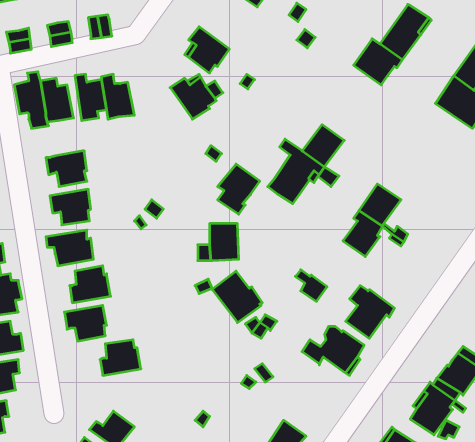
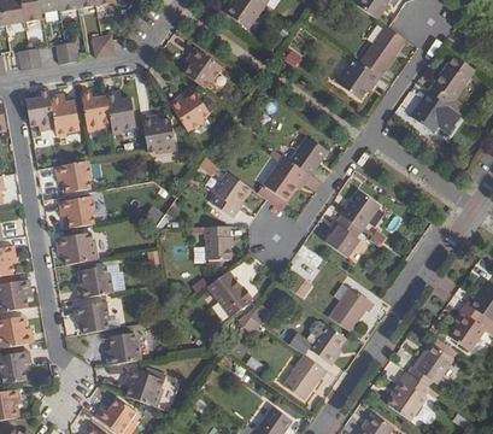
building: none -> [141,115,175,153]
building: none -> [282,353,325,399]
building: none -> [124,366,164,406]

